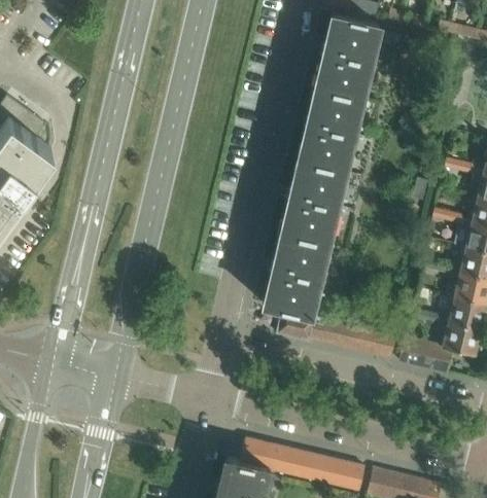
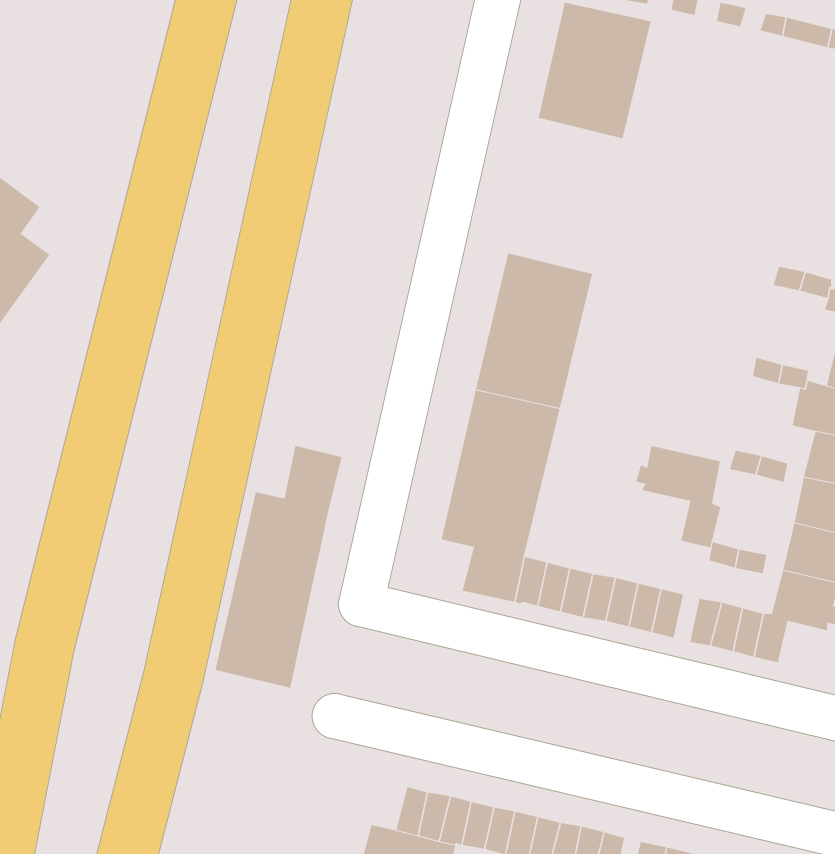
building: [302,76,364,161] -> none
building: none -> [215,445,342,688]
building: none -> [636,445,721,548]

